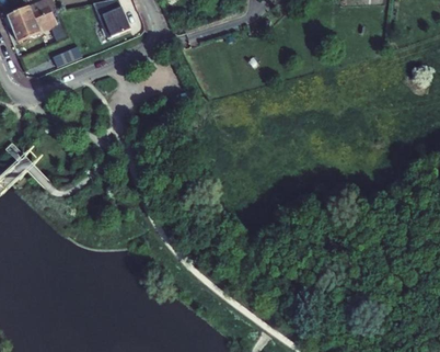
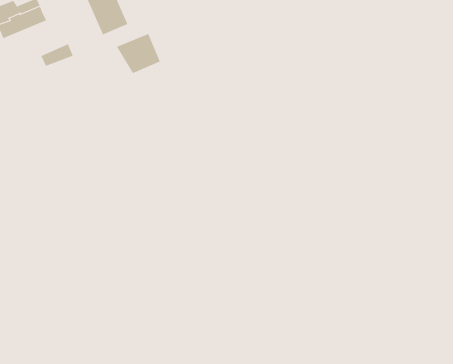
building: none -> [116,33,161,74]

